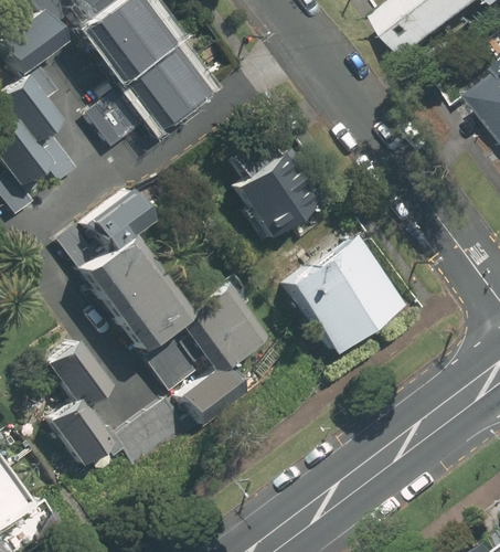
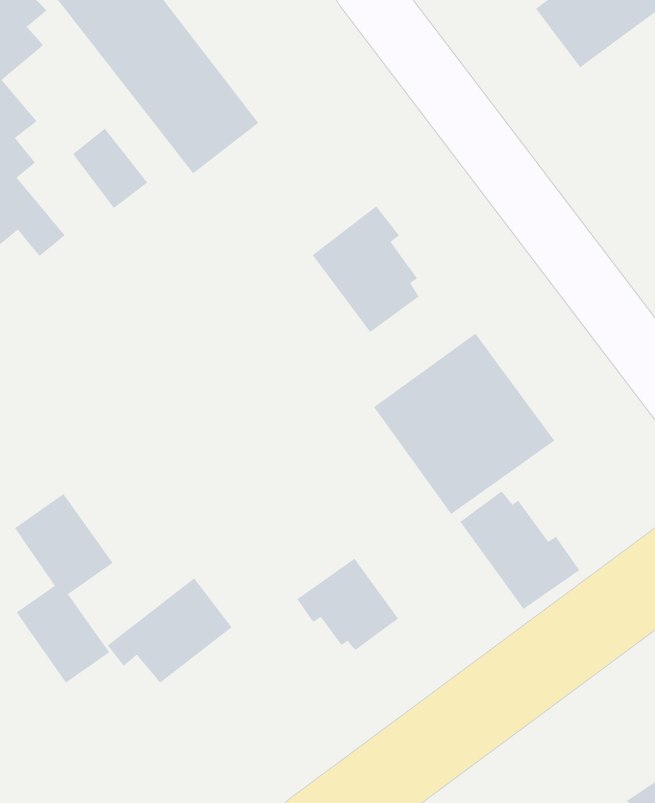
building: [65,195,266,427] -> none
building: none -> [459,490,580,610]
building: none -> [296,558,399,651]

